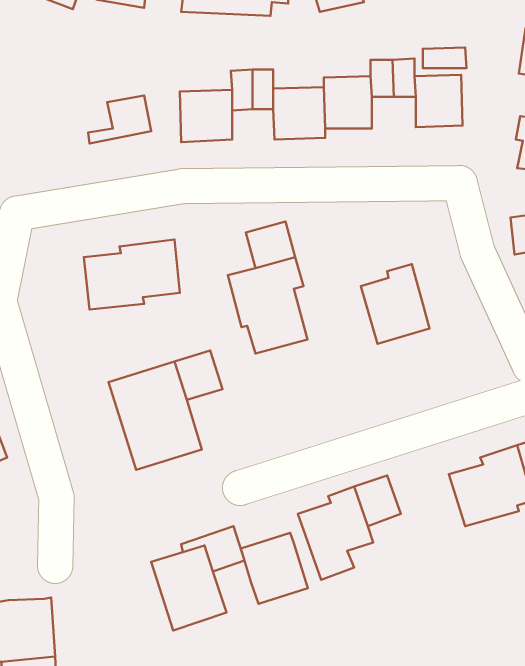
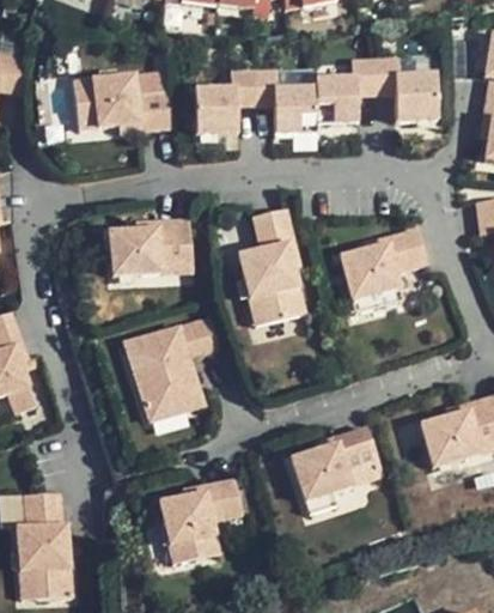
building: none -> [62,73,130,131]
building: none -> [391,230,433,273]
building: [241,533,308,604] -> none
building: none -> [37,494,71,532]

